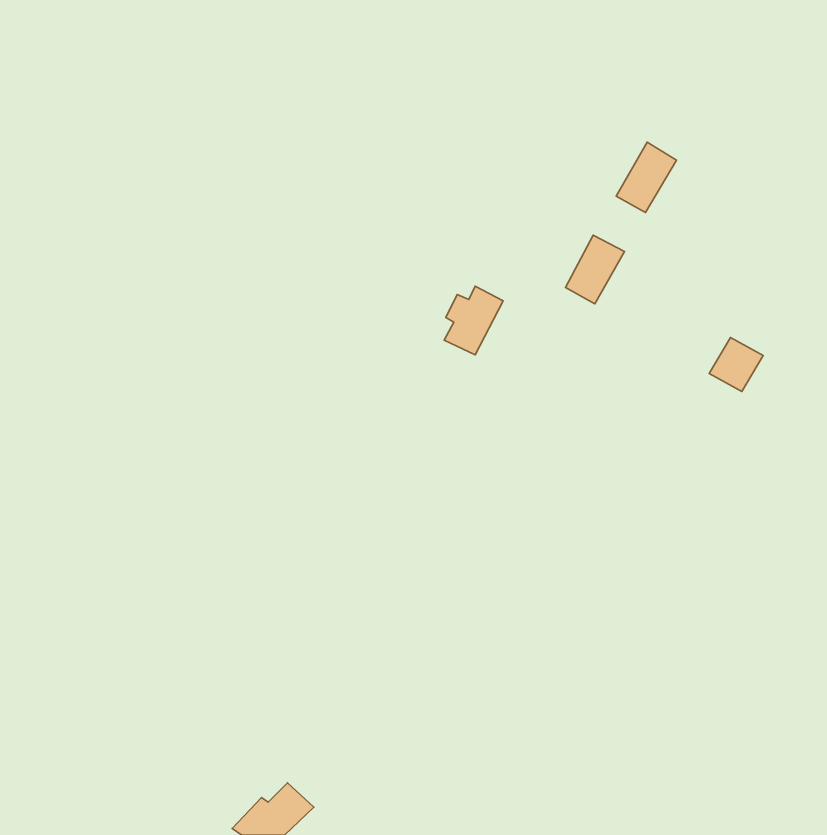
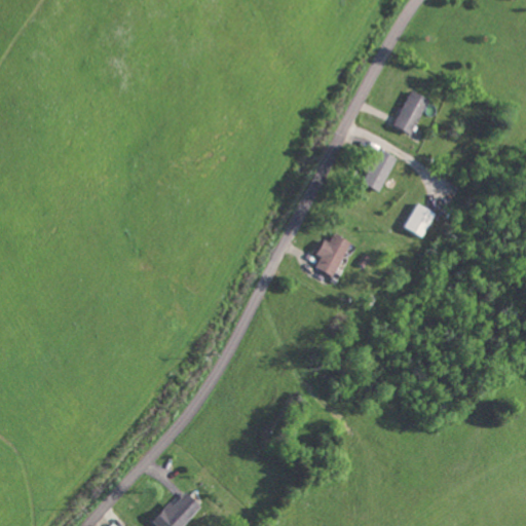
building: [444,286,503,355] -> [314,233,351,276]
building: [709,338,763,392] -> [404,203,438,237]

